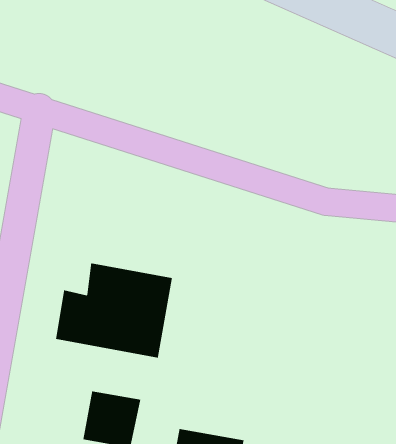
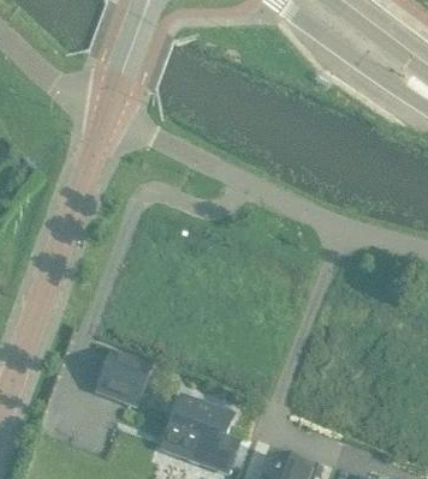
building: [55,263,172,359] -> none

